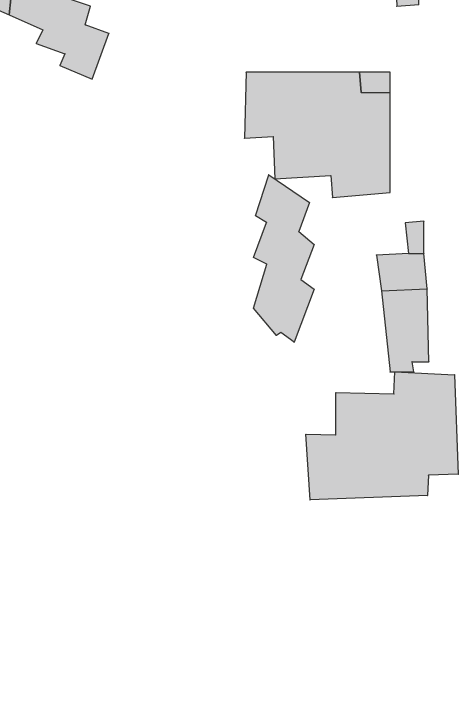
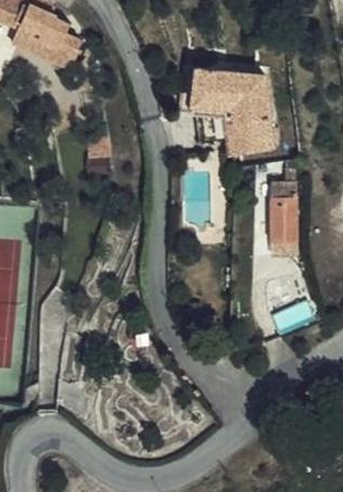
building: [254,175,314,342] -> none
building: [306,372,458,500] -> none

